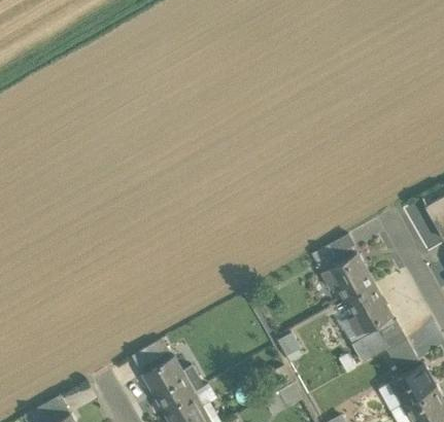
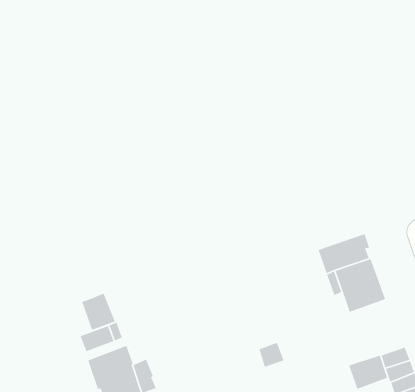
building: [346,285,390,336] -> none
building: none -> [81,293,116,331]

